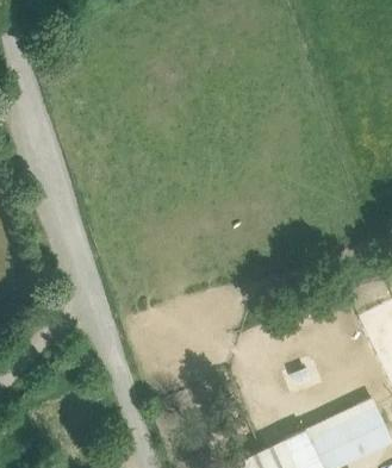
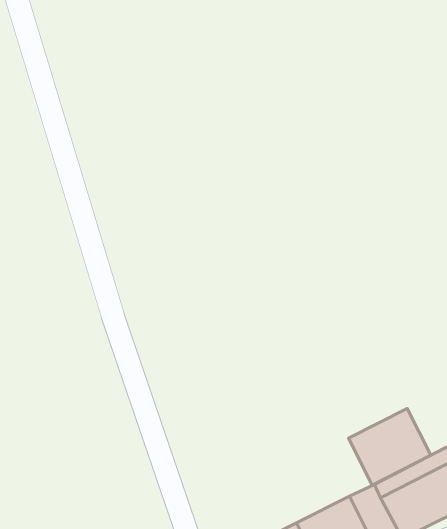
building: none -> [348,408,431,485]

